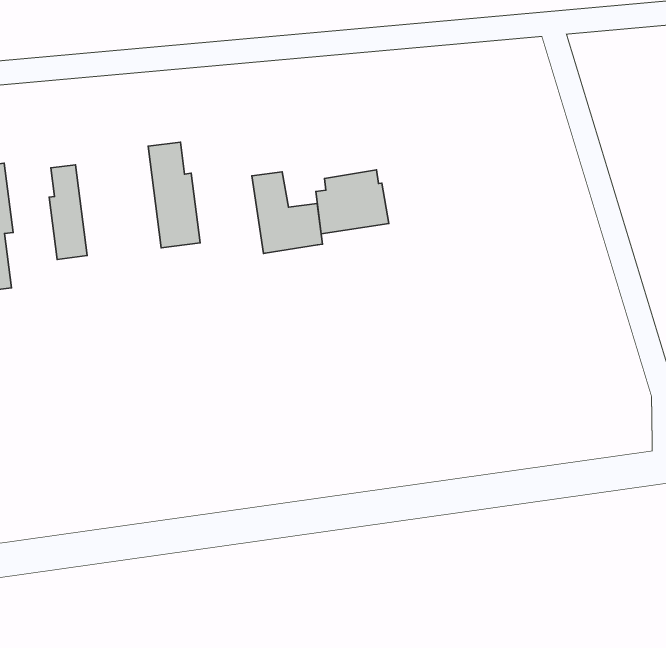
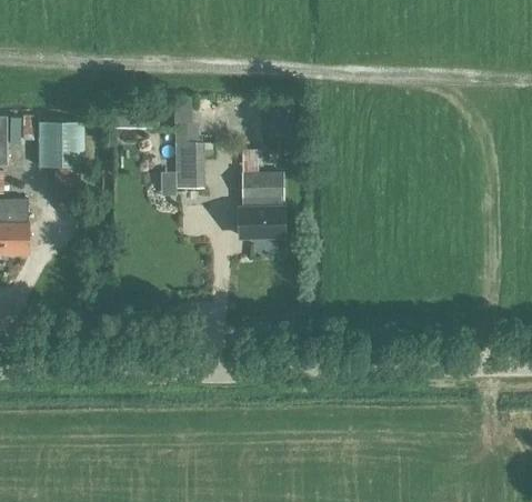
building: [49,165,87,259] -> none
building: [316,170,389,234] -> [238,200,282,237]

